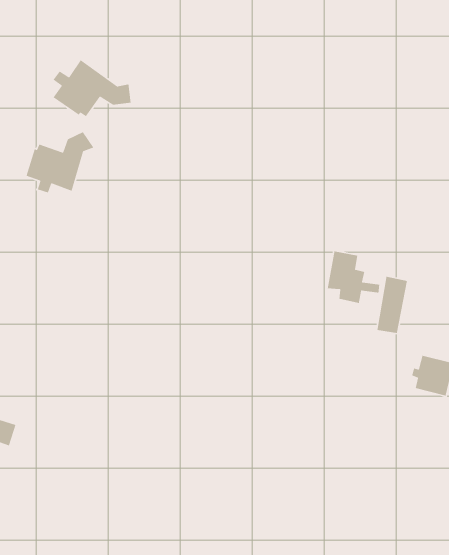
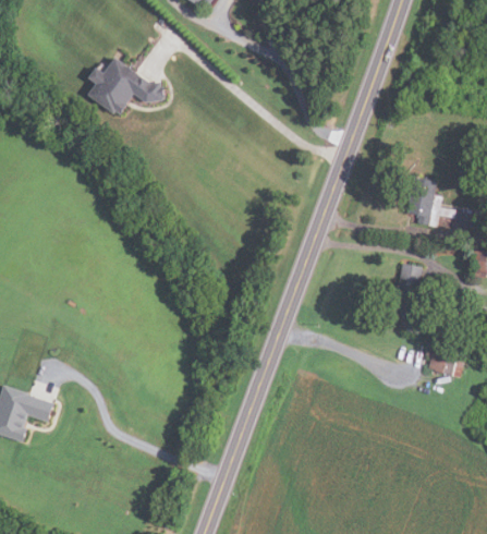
building: [25,131,94,193] -> none
building: [327,251,380,304] -> [405,178,455,228]

